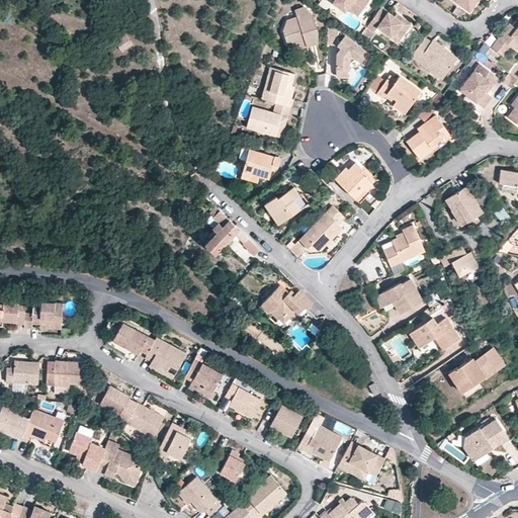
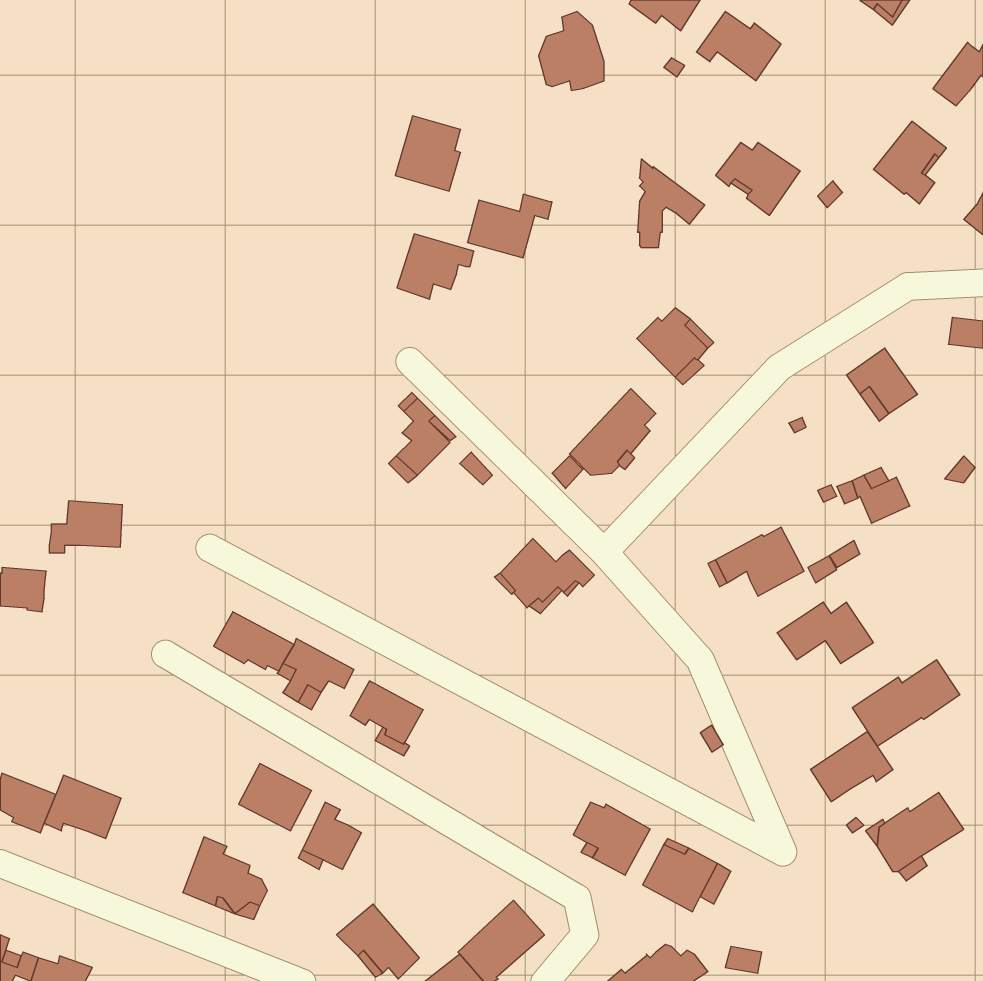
building: [336,31,371,78] -> [637,159,705,247]
building: [411,37,457,80] -> none
building: [261,68,295,107] -> [395,116,461,191]
building: [406,115,451,160] -> none
building: [240,150,280,184] -> [397,234,474,299]
building: [264,187,300,225] -> none
building: [382,225,425,266] -> none
building: [22,299,61,327] -> [49,501,122,553]
building: [6,361,39,384] -> none
building: [46,361,84,393] -> none
building: [225,383,262,419] -> none
building: [99,385,137,422] -> none
building: none -> [811,731,893,802]
building: [271,405,303,437] -> none
building: [69,432,104,470] -> none
building: [218,448,243,480] -> none

